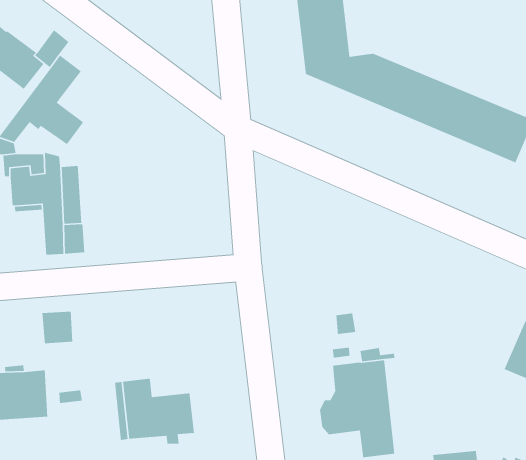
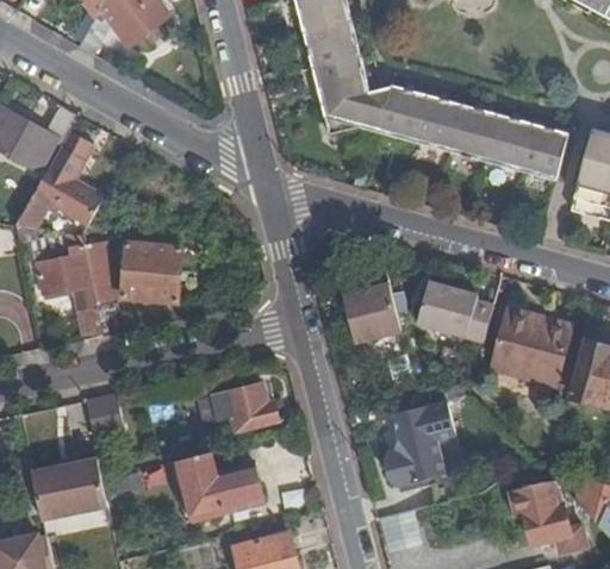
building: none -> [122,242,182,301]
building: none -> [343,283,402,342]
building: none -> [417,282,493,340]
building: none -> [493,309,571,384]
building: none -> [213,382,279,431]

